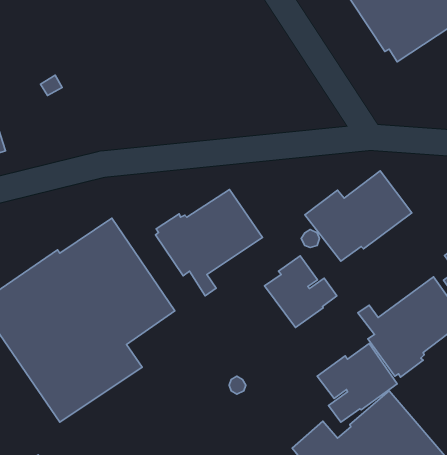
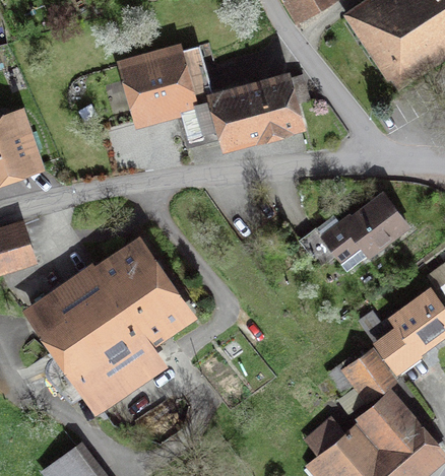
building: none -> [116,42,307,152]
building: [155,189,263,296] -> none
building: [265,256,337,328] -> none

